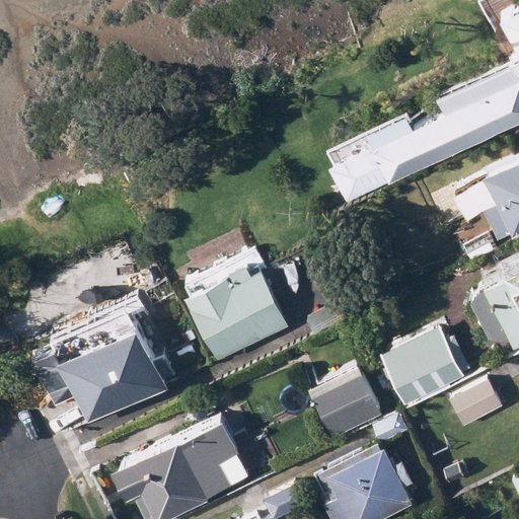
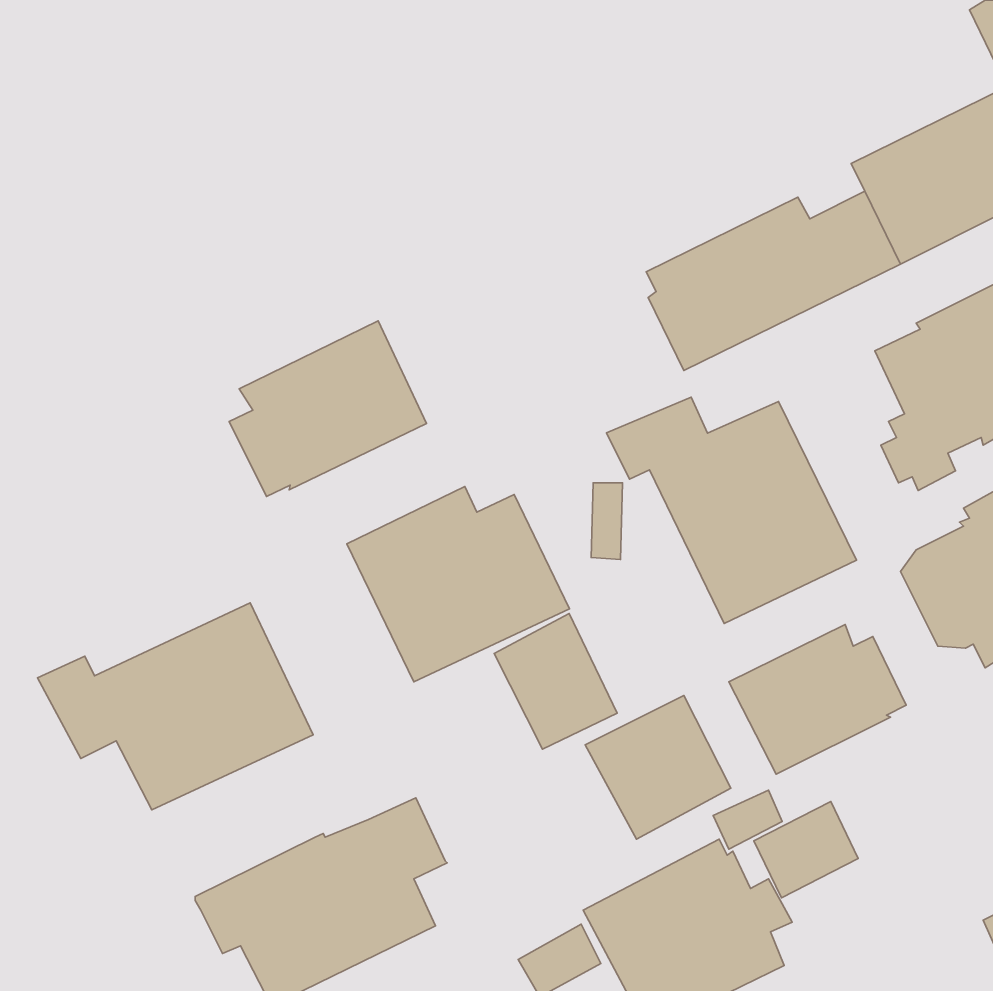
building: none -> [229,321,426,496]
building: none -> [606,397,857,623]
building: none -> [494,613,617,749]
building: [451,381,505,431] -> [754,801,858,898]

